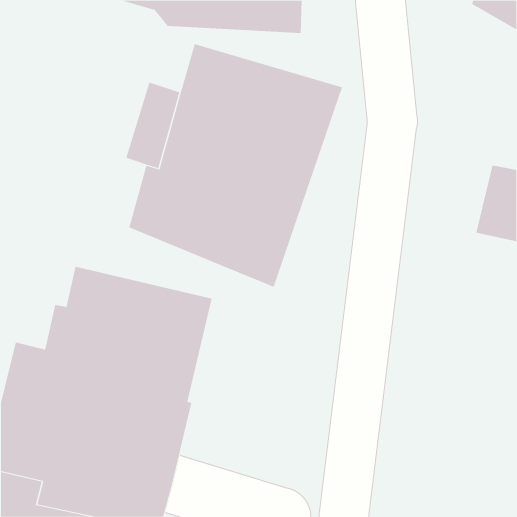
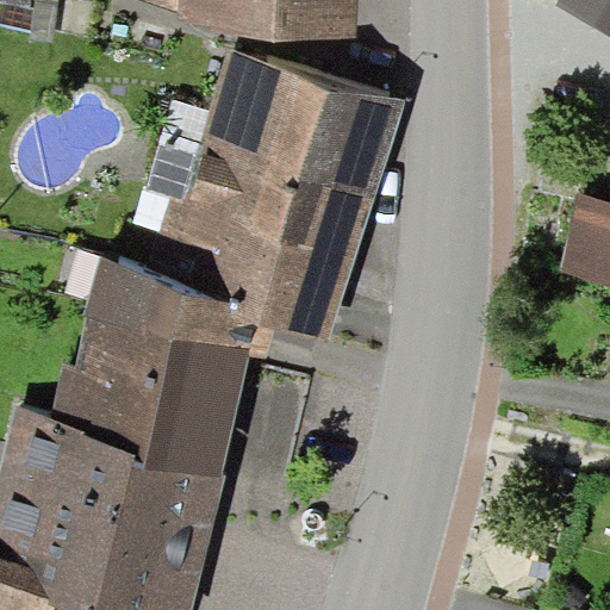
building: none -> [88,256,259,351]

